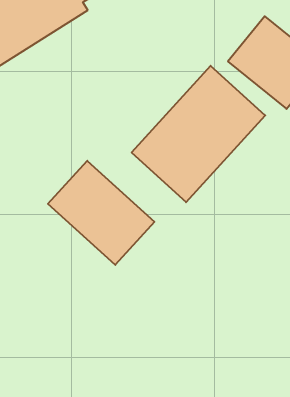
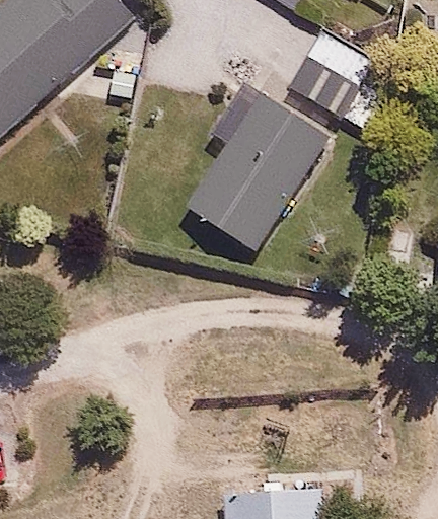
building: [48,161,154,265] -> none

